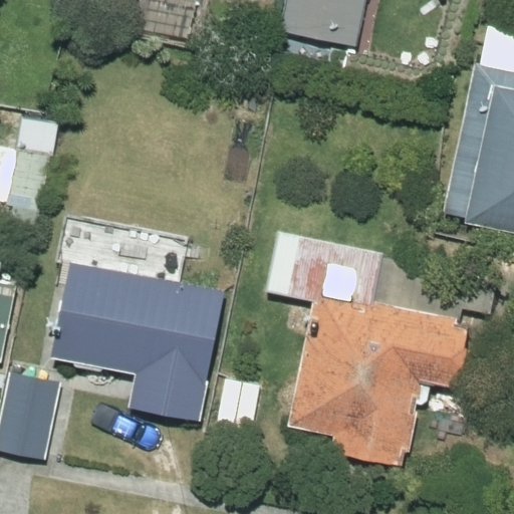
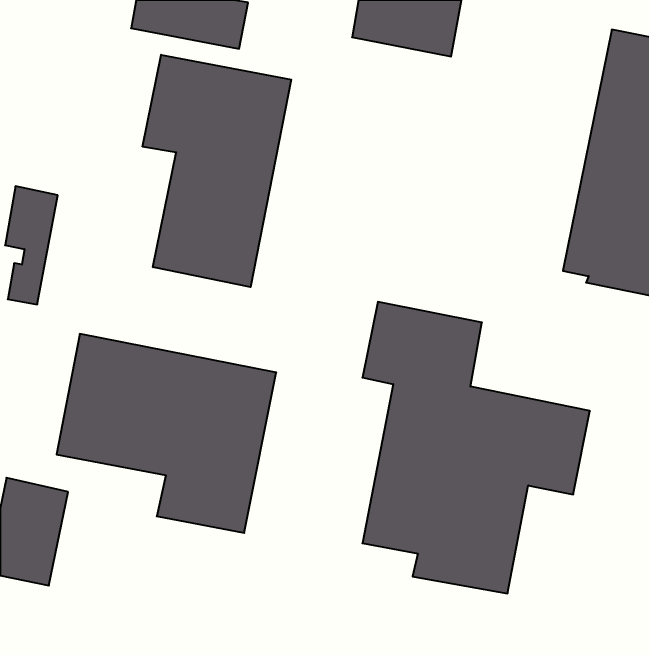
building: none -> [143,55,291,287]

